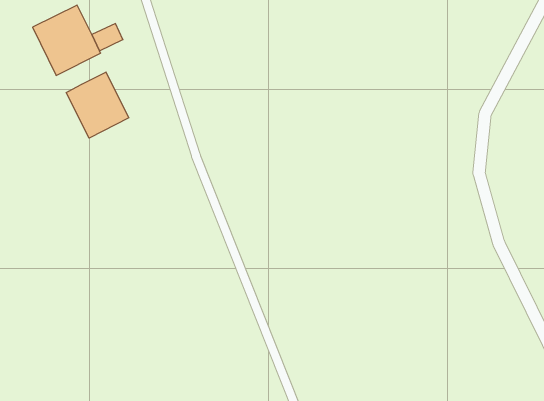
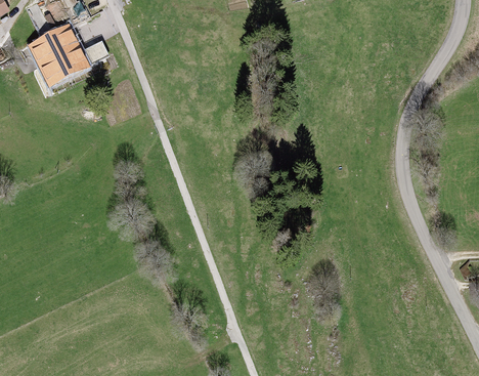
building: [66,72,129,138] -> none

